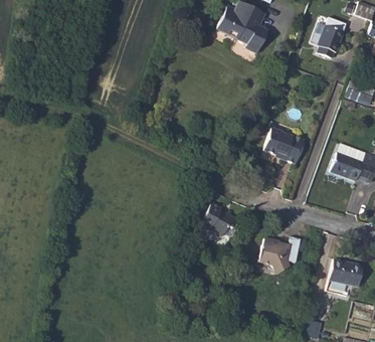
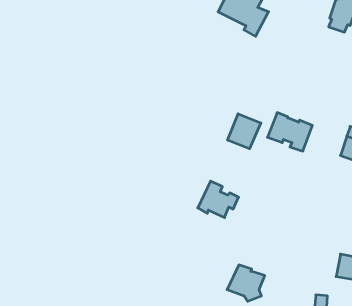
building: none -> [228,114,261,149]
building: [253,231,289,266] -> [227,265,265,301]

